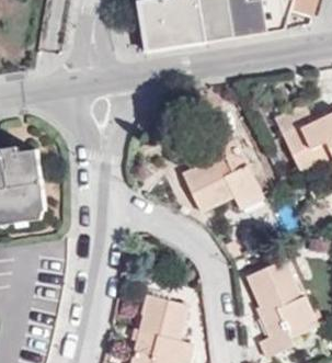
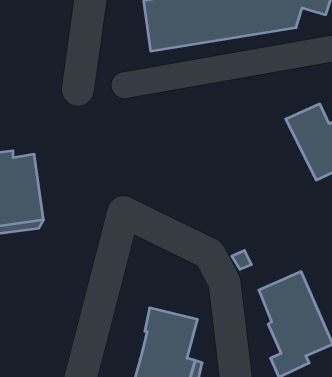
building: [182,111,263,211] -> none

